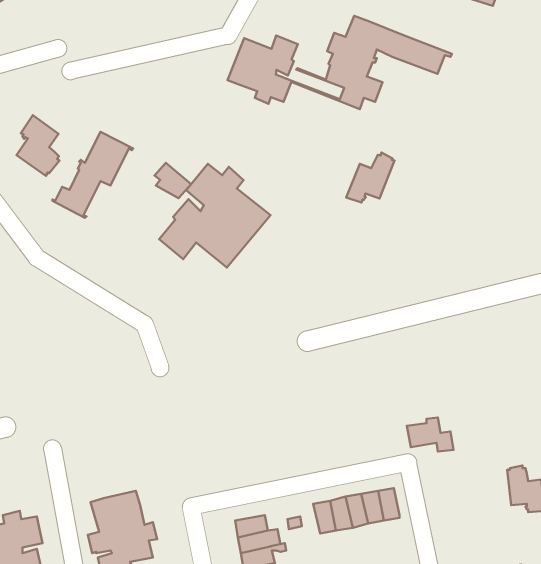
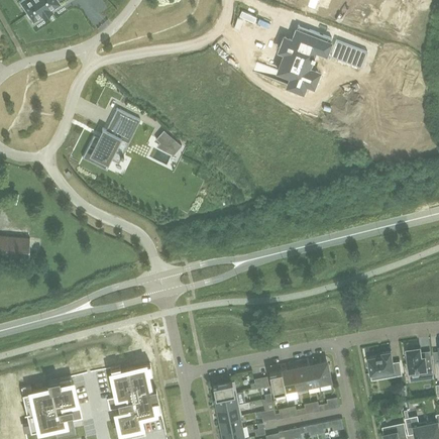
building: [228,35,298,104] -> none
building: [17,115,60,176] -> none
building: [346,152,395,203] -> none
building: [159,164,270,268] -> none
building: [407,417,453,451] -> [368,354,402,378]

